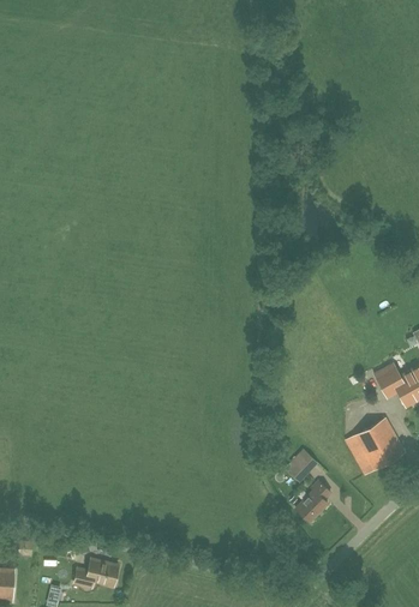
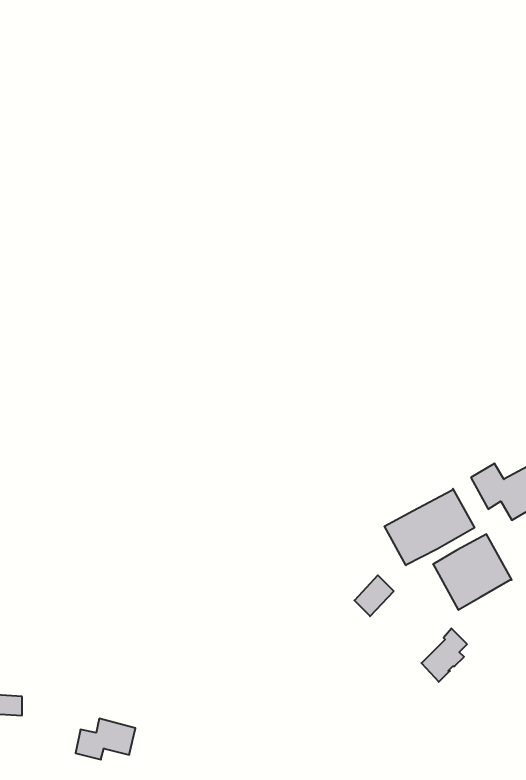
building: none -> [384,489,474,565]
building: [295,481,330,522] -> [421,628,467,682]

